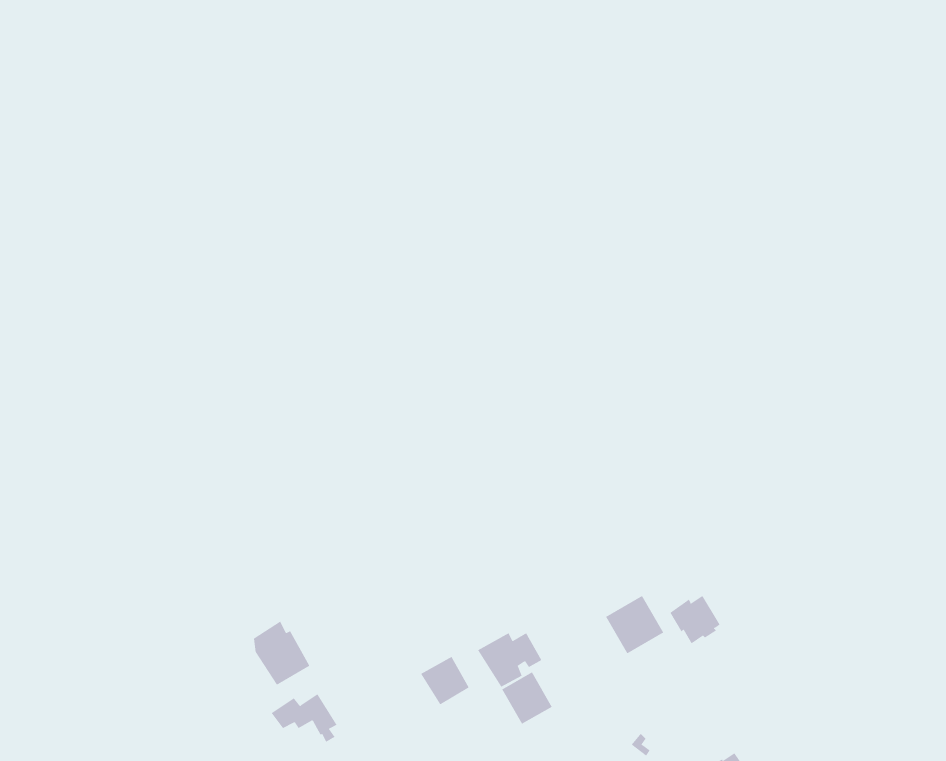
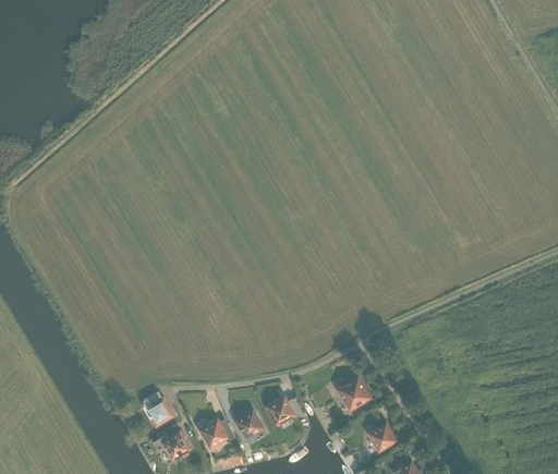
building: [669,595,721,644] -> [367,424,396,451]
building: [501,672,553,725] -> none
building: none -> [201,420,235,447]

